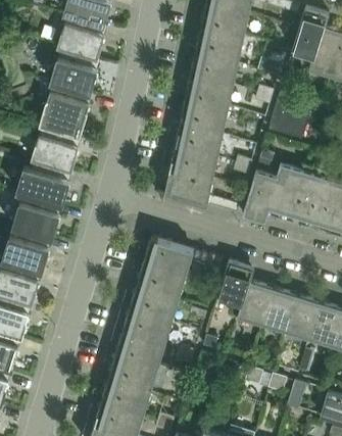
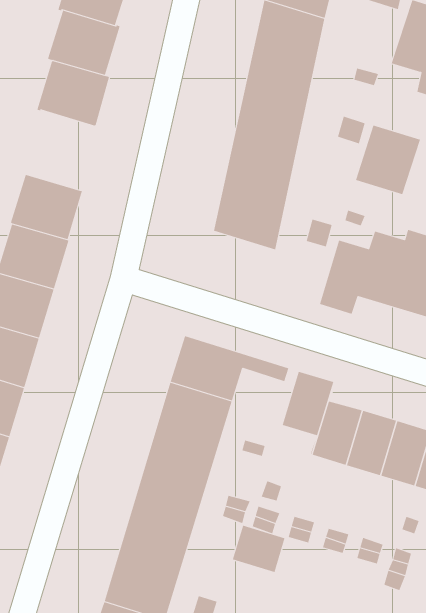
building: [40,83,93,138] -> none
building: [164,165,239,214] -> none
building: none -> [232,525,285,573]

